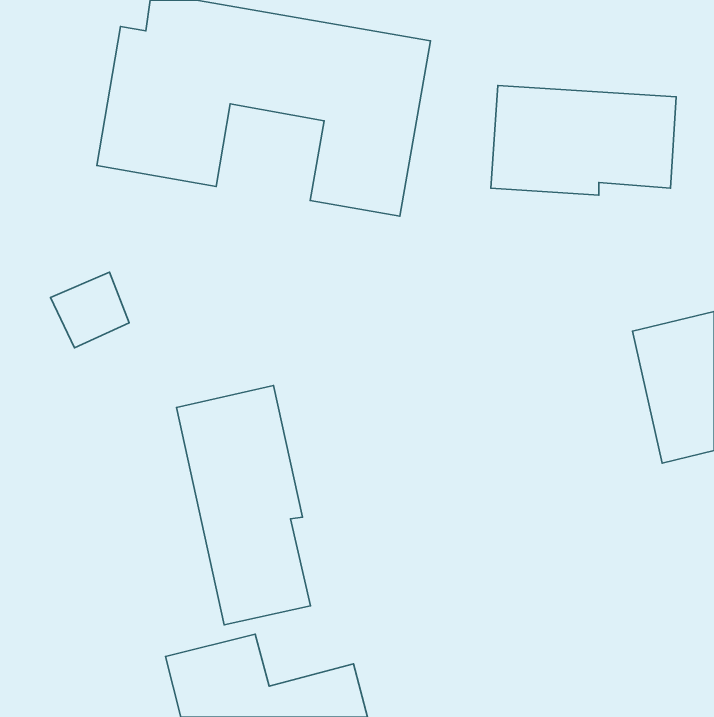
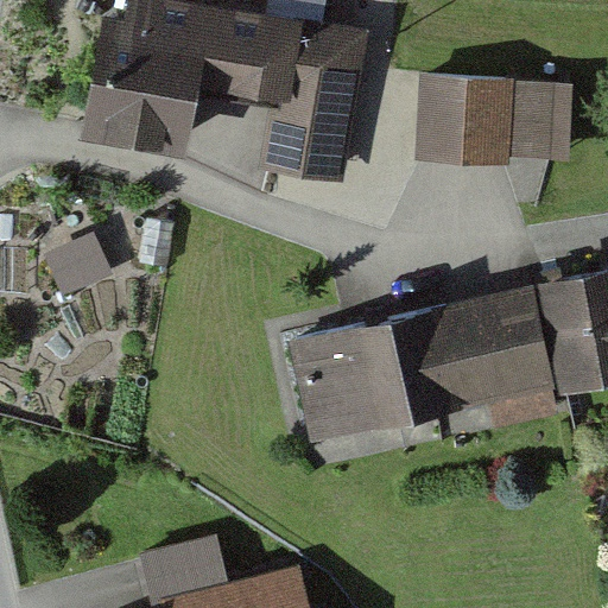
building: none -> [289,285,560,439]
building: [176,385,311,625] -> none

